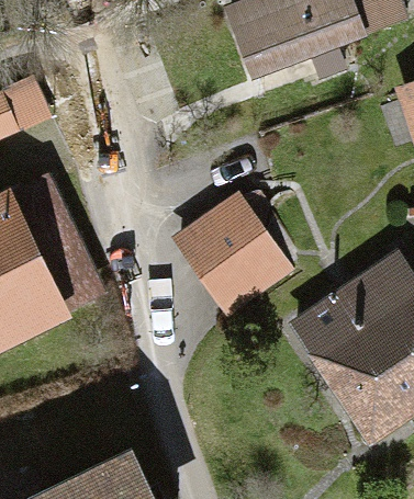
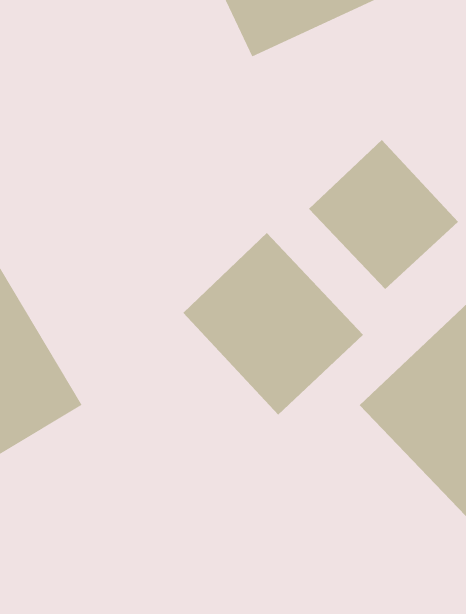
building: none -> [308,139,459,290]

